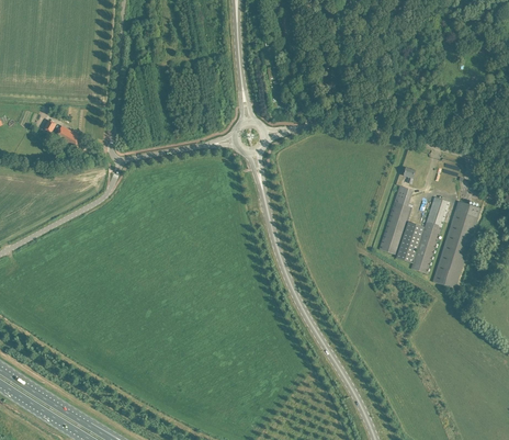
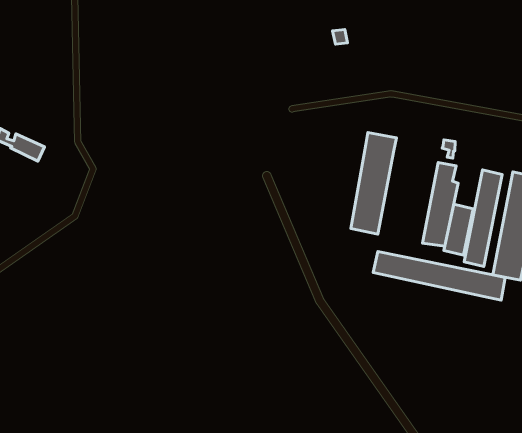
building: none -> [351,133,397,234]
building: none -> [373,251,505,300]

